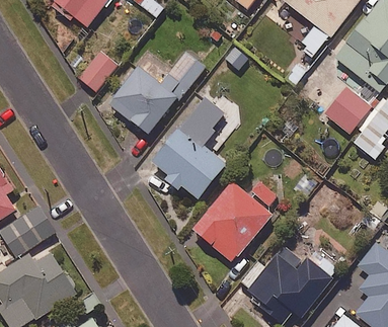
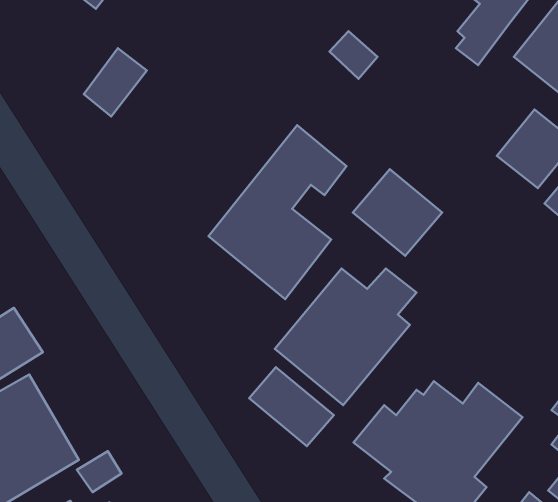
building: [108,52,203,135] -> none
building: none -> [353,169,442,256]
building: none -> [249,367,334,446]

